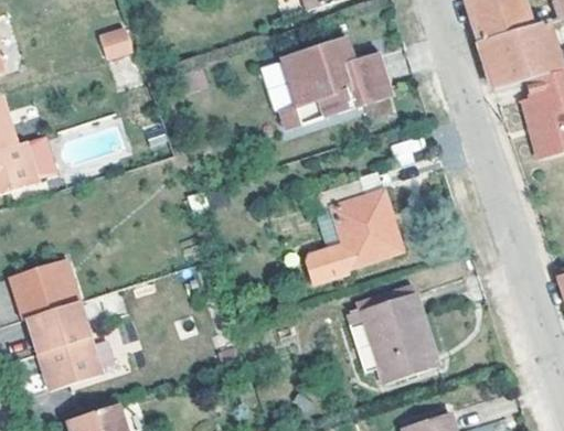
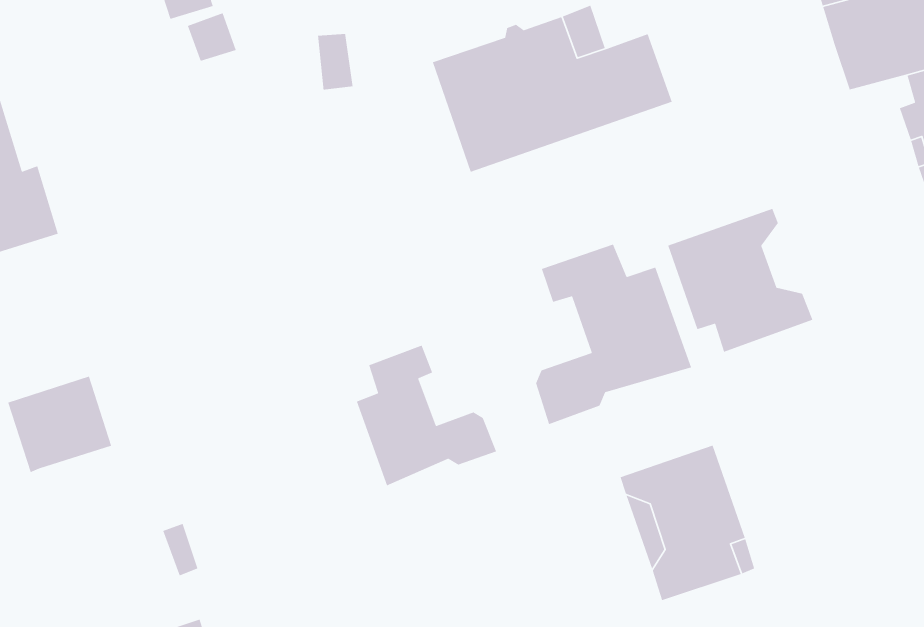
building: none -> [667,208,813,353]
building: none -> [356,344,497,487]
building: [25,291,99,381] -> none

